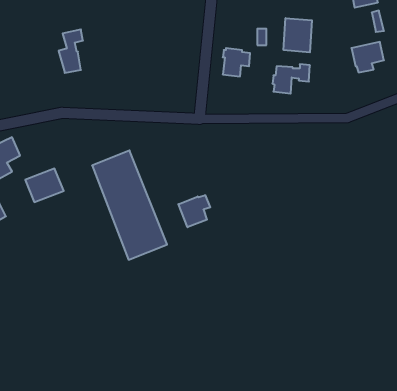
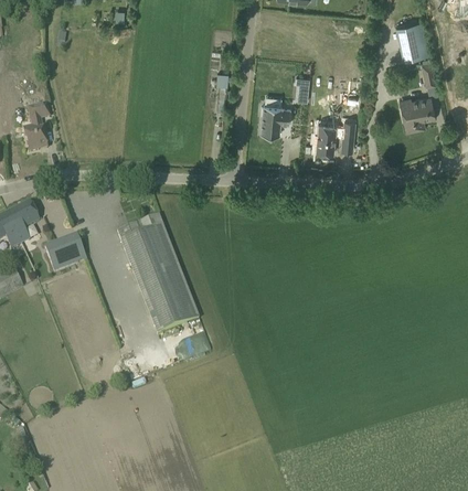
building: [284,18,312,52] -> none
building: [59,29,83,73] -> [23,103,50,150]
building: [178,195,210,227] -> none

